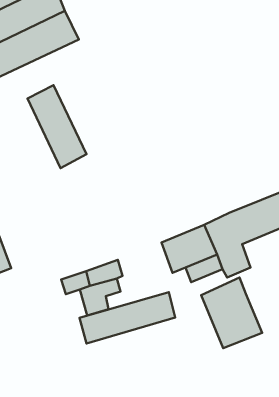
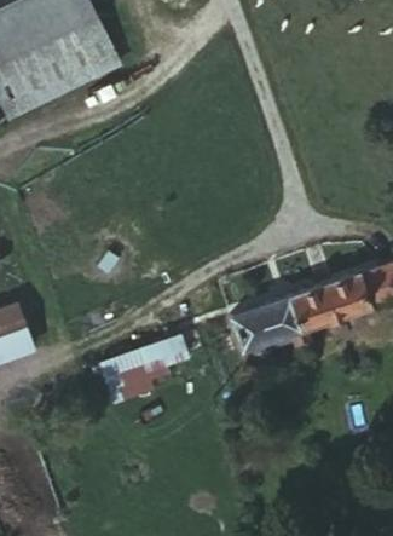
building: [28,85,87,168] -> none
building: [201,277,262,348] -> none
building: [79,292,175,343] -> none

